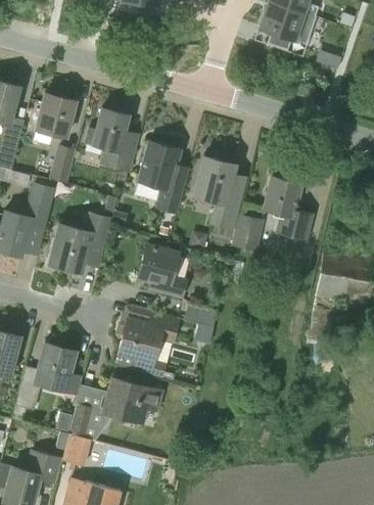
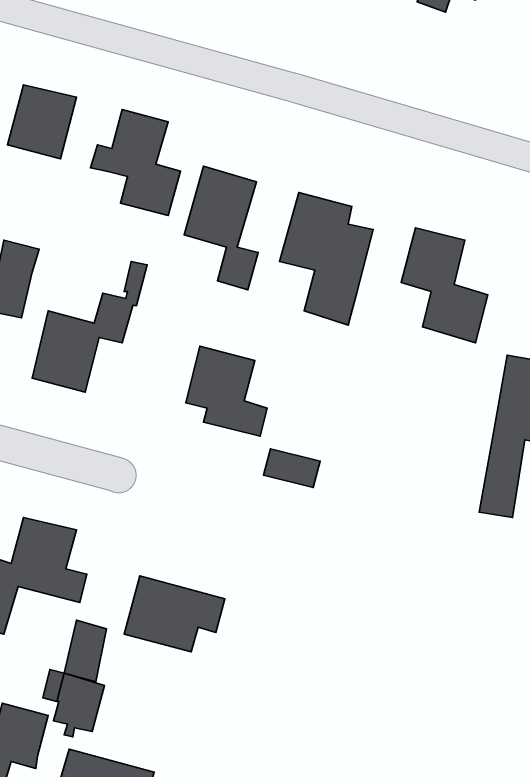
building: [49,145,77,183] -> none
building: [231,213,264,251] -> none
building: [119,313,178,376] -> none

